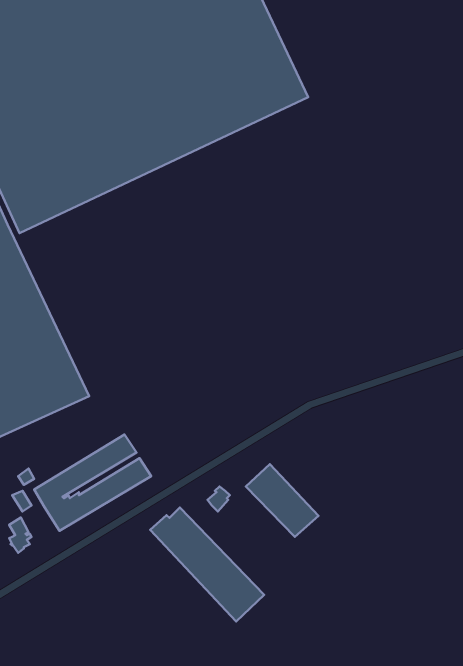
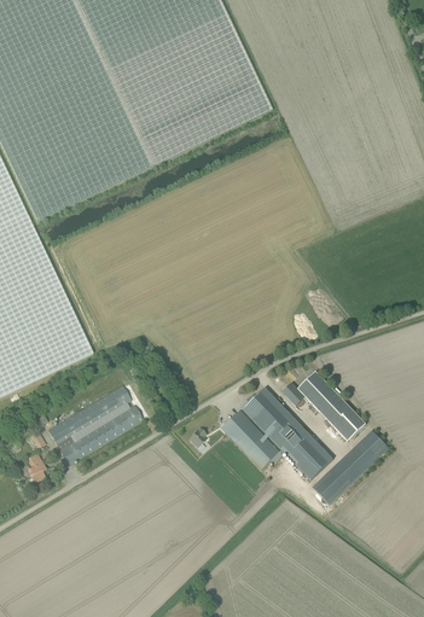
building: none -> [296,369,365,440]
building: none -> [318,429,388,497]
building: [150,508,264,622] -> [239,386,332,479]

